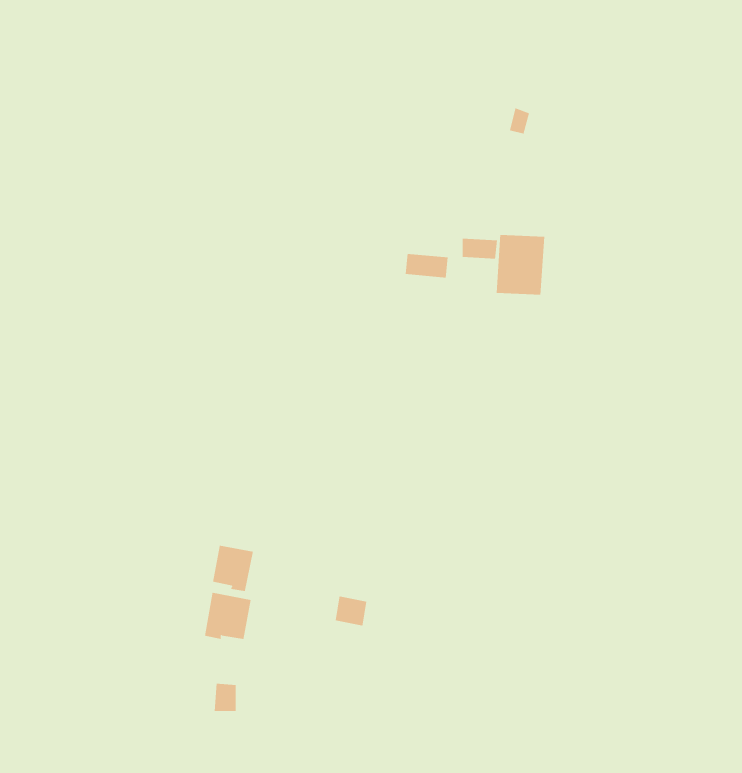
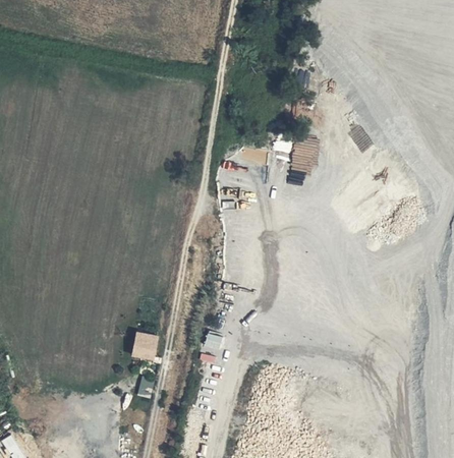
building: [213,545,253,592] -> none

